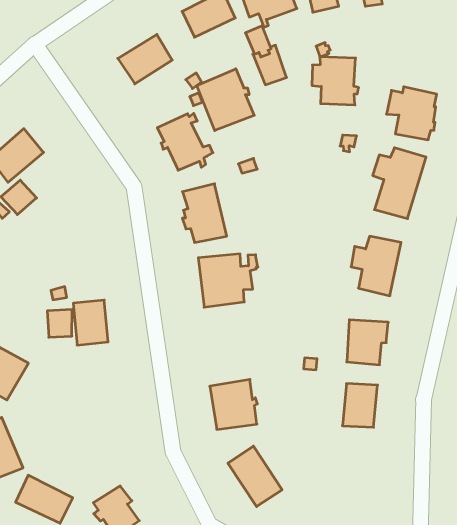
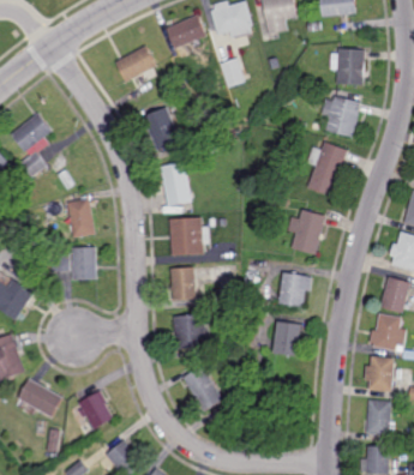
building: [312,57,359,105] -> [330,47,366,85]
building: [197,69,254,131] -> none
building: none -> [62,198,94,237]
building: none -> [168,267,196,301]

